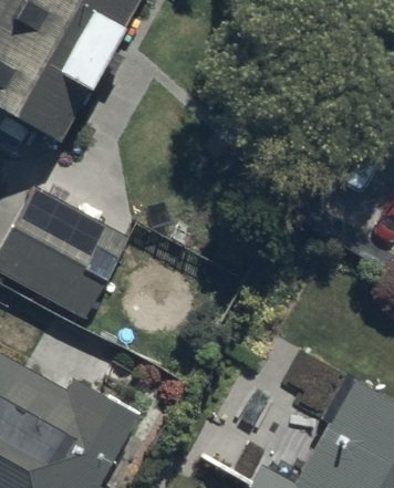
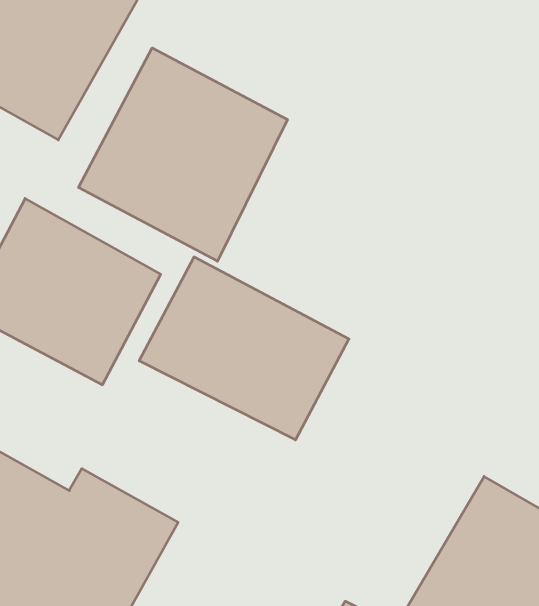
building: none -> [79,48,287,261]
building: none -> [139,257,349,440]

